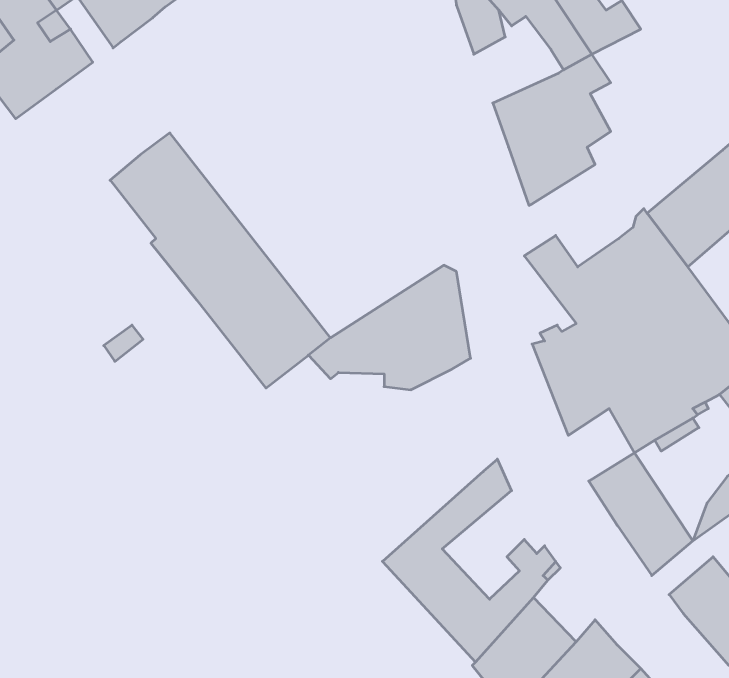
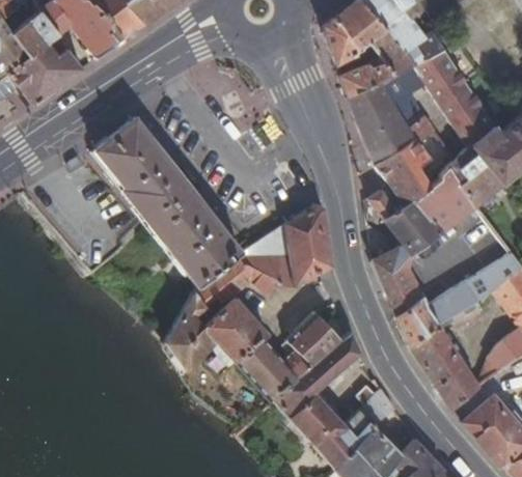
building: none -> [412,48,498,169]
building: none -> [338,61,393,96]
building: none -> [373,115,434,204]
building: none -> [162,262,340,398]
building: none -> [396,298,440,345]

